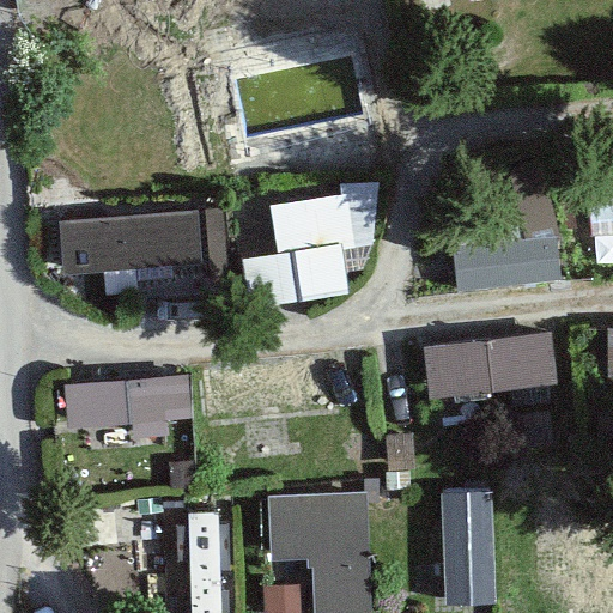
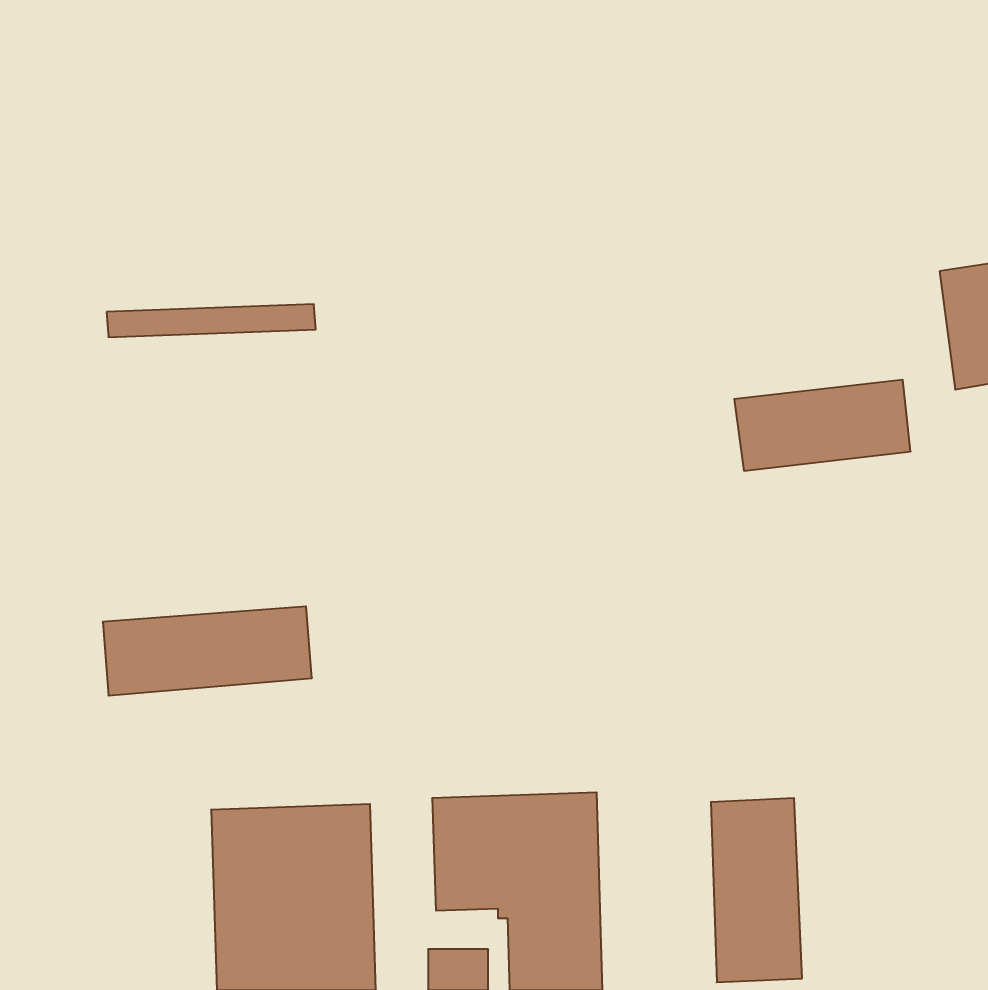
building: [244,195,357,309] -> none
building: [60,210,205,277] -> none
building: [424,332,559,401] -> none

